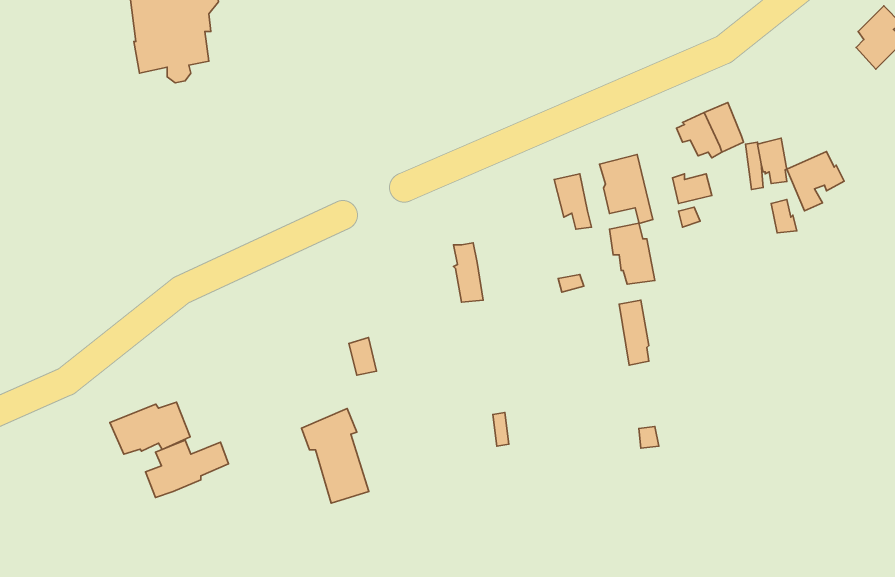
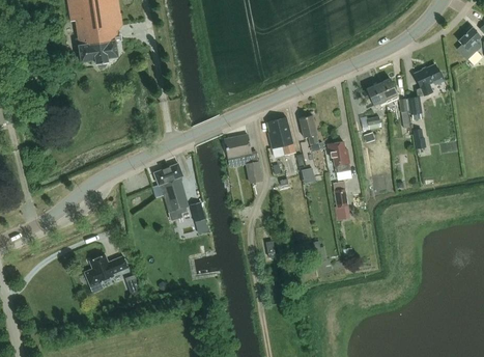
building: [787,151,844,211] -> [415,64,445,95]
building: [600,154,653,223] -> [266,117,294,154]
building: none -> [225,135,250,158]
building: [110,402,190,454] -> none
building: [302,408,369,503] -> [153,163,189,213]

